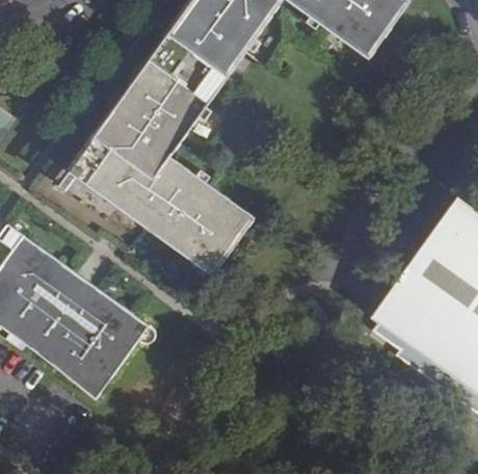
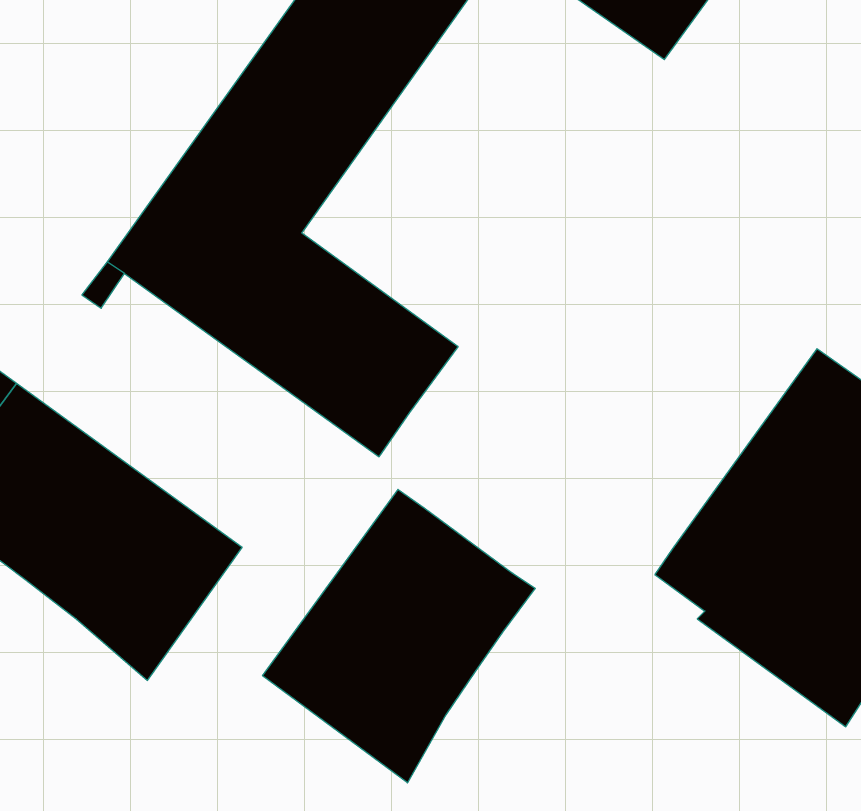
building: none -> [263,489,535,783]

